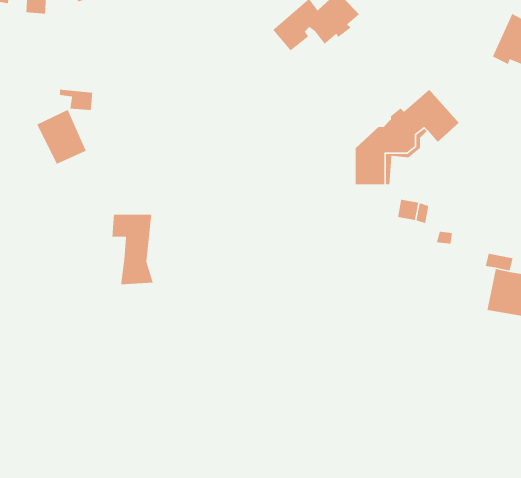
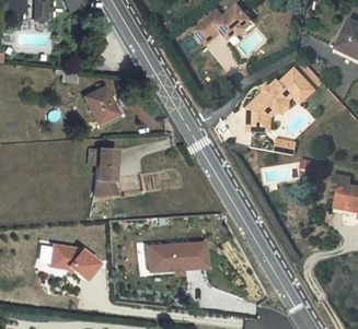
building: [36,109,87,165] -> [85,86,118,122]
building: none -> [152,242,207,270]
building: none -> [50,244,97,279]

